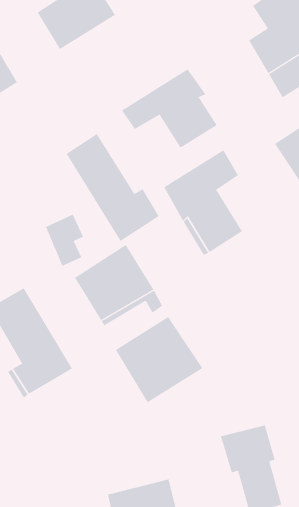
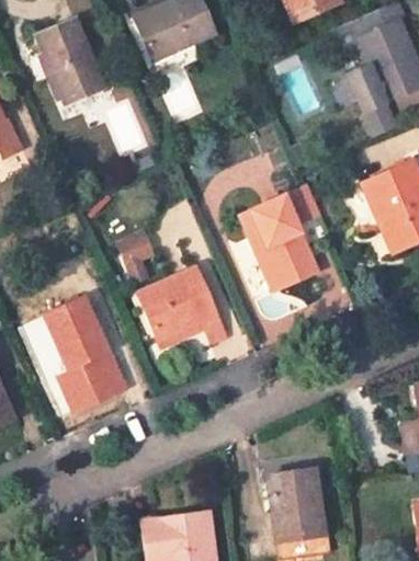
building: [121,69,218,149] -> none
building: [66,133,160,242] -> none
building: [115,316,203,403] -> none

